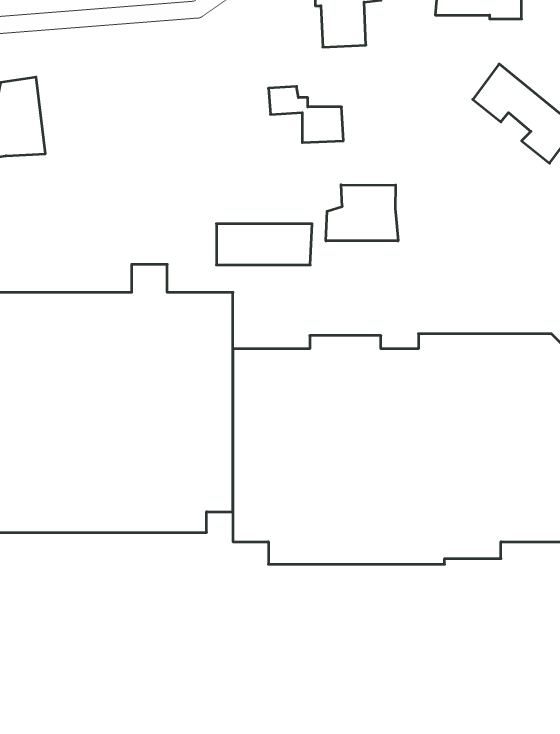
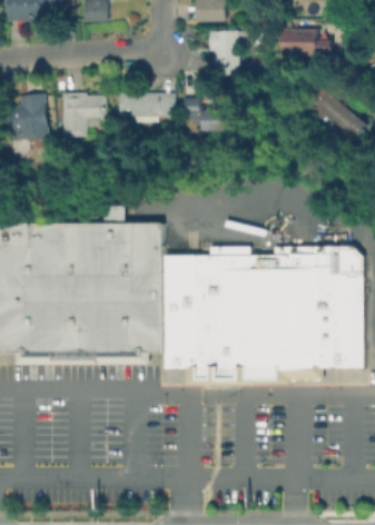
building: none -> [62,92,106,137]
building: [326,185,398,241] -> none
building: [216,224,312,265] -> [119,92,176,117]

